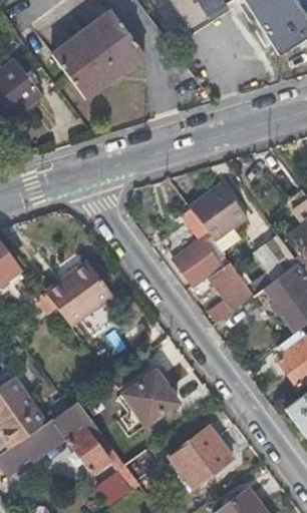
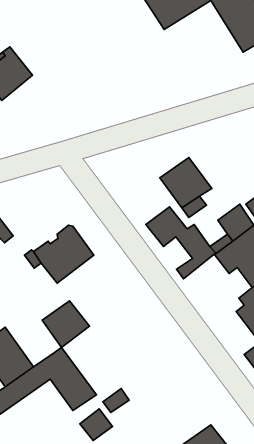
building: [53,9,146,97] -> none
building: [122,370,177,423] -> [42,301,90,347]
building: [169,425,232,487] -> none

